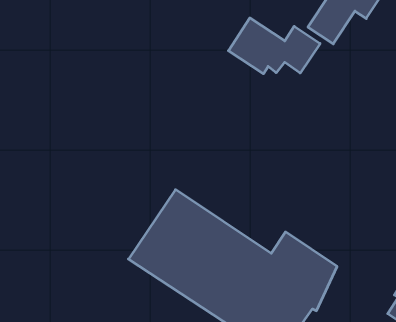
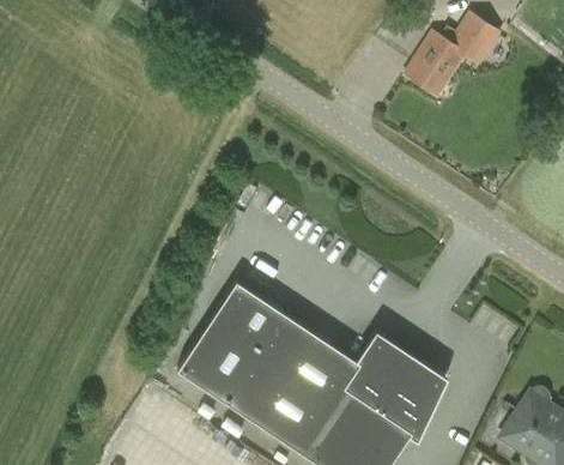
building: [228,18,320,74] -> none

